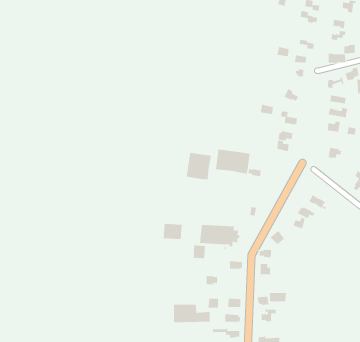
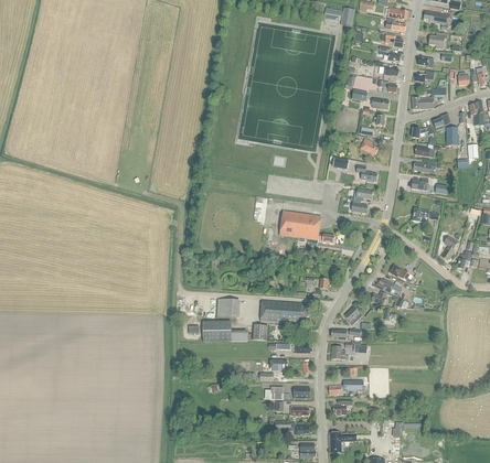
building: [186,152,211,180] -> none
building: [173,304,210,323] -> [202,320,246,342]

